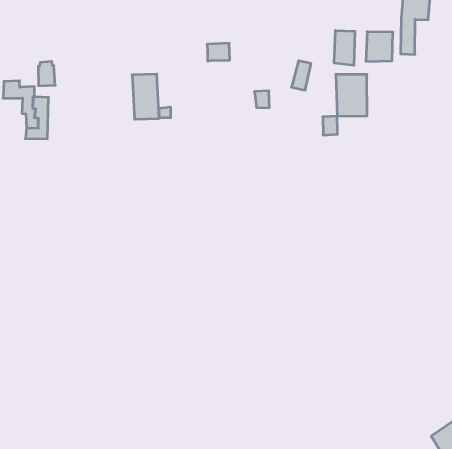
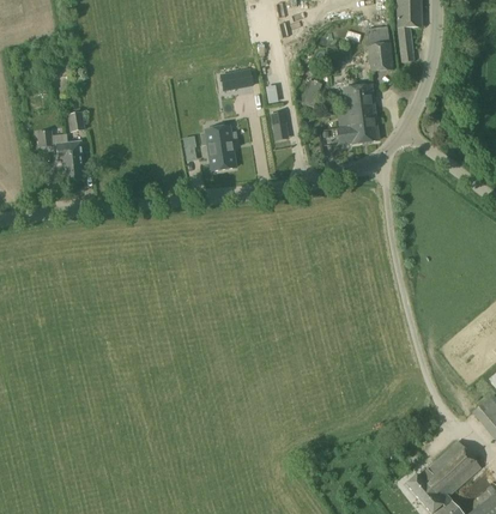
building: [334,30,355,65] -> none
building: [132,74,159,119] -> [207,132,237,176]
building: none -> [350,121,380,143]

